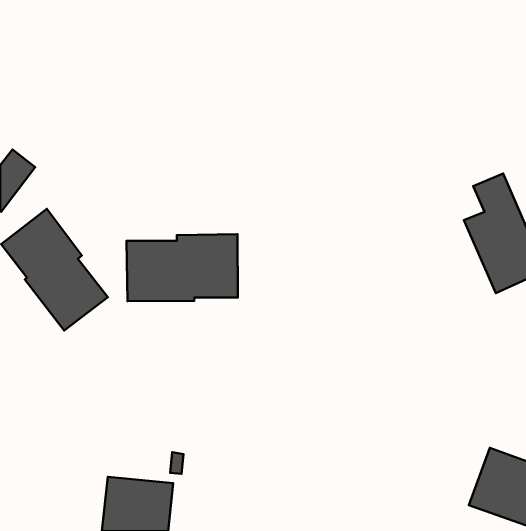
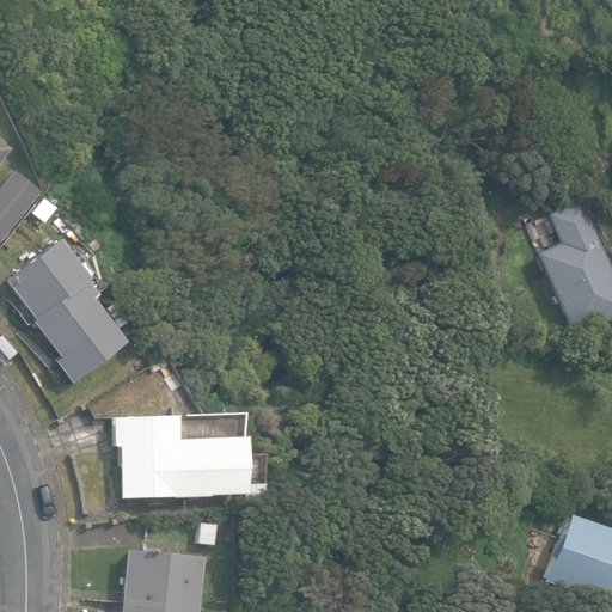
building: [126,234,238,301] -> none
building: none -> [116,415,243,497]

